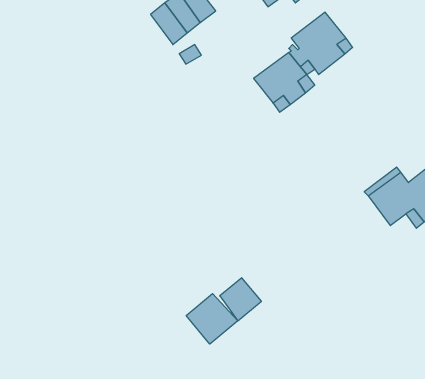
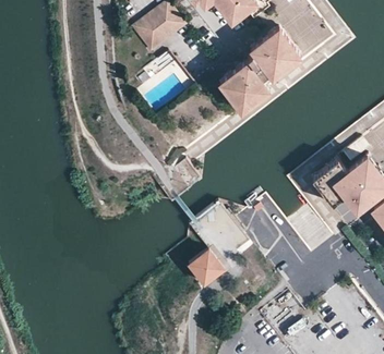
building: [186,294,238,344] -> none

